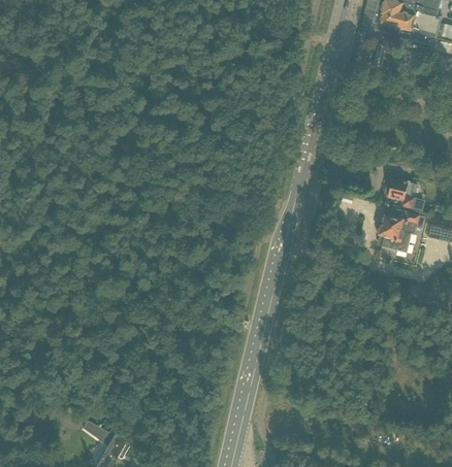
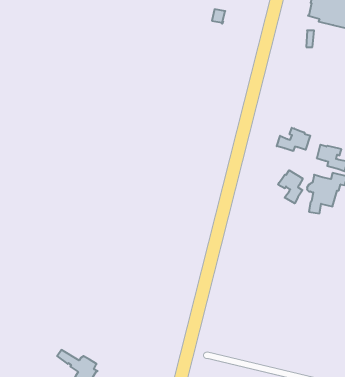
building: none -> [277,128,310,151]
building: none -> [278,170,303,203]

